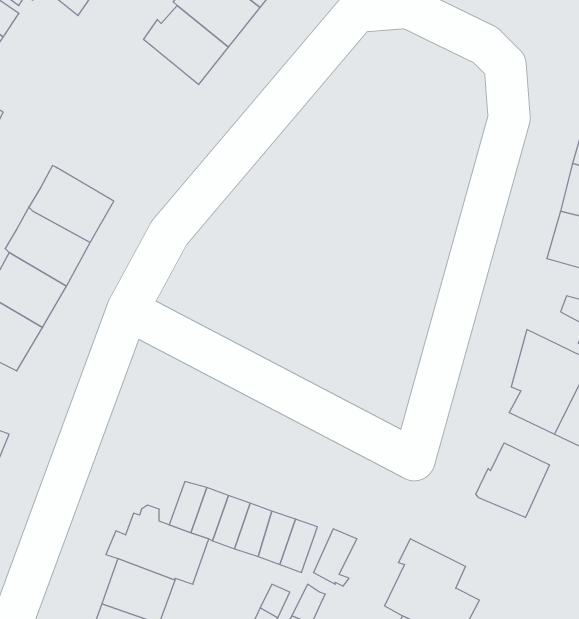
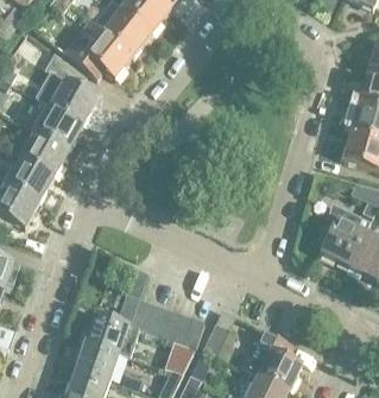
building: none -> [63,19,134,78]
building: none -> [45,52,99,125]
building: [476,443,549,518] -> none

